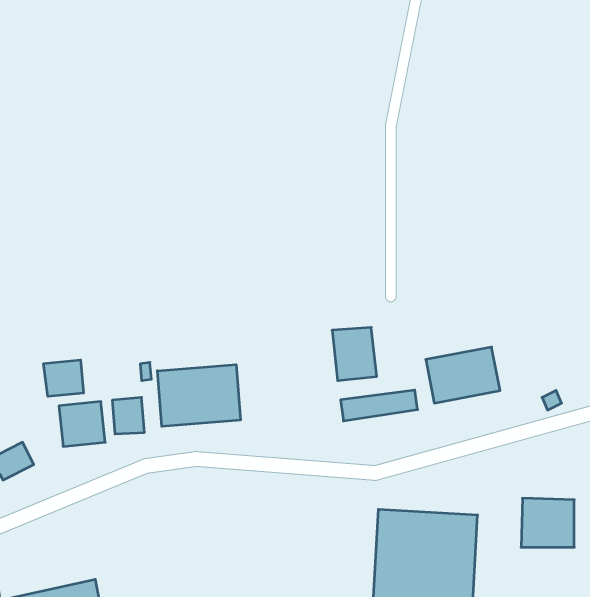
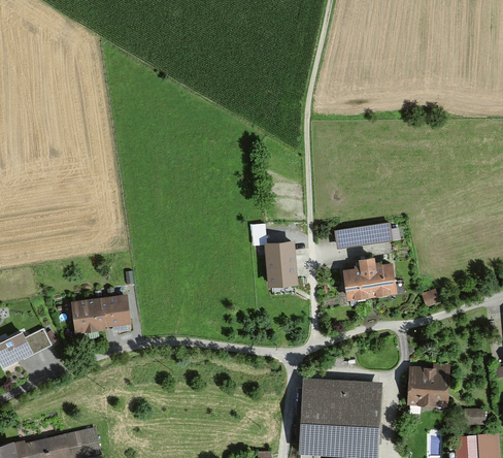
building: [44,360,83,396] -> none
building: [157,365,240,426] -> none
building: [341,390,418,421] -> [336,223,393,246]

